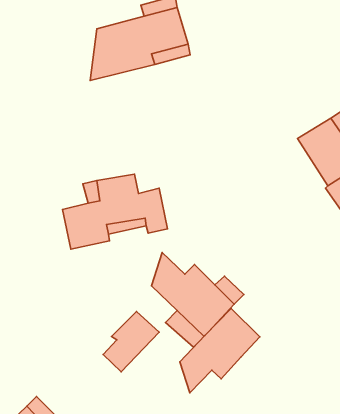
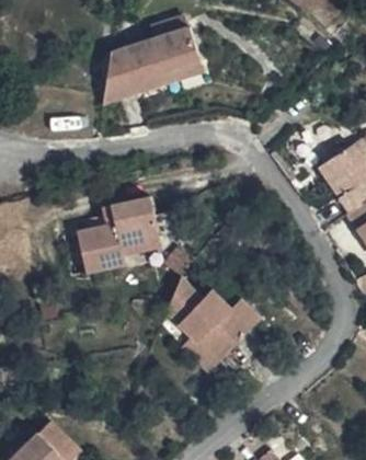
building: [180,308,260,393] -> none
building: [103,311,159,372] -> none

